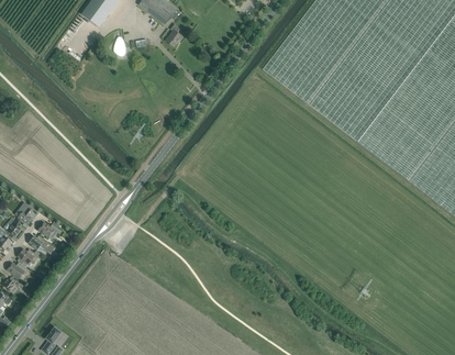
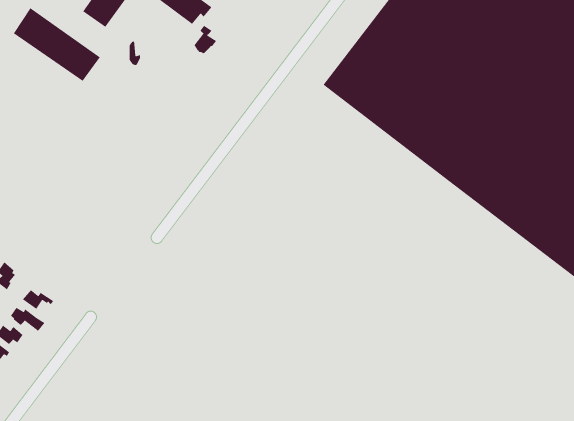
building: none -> [13,7,101,82]

